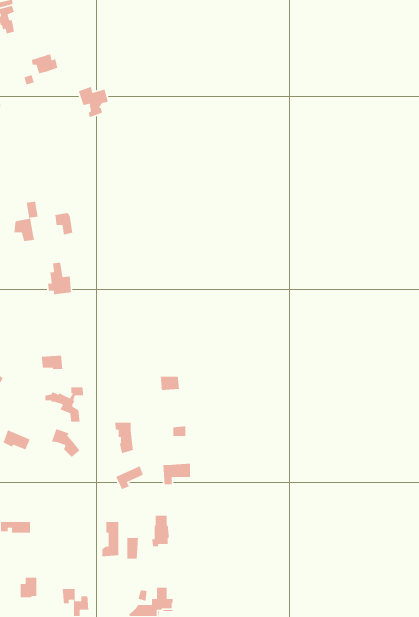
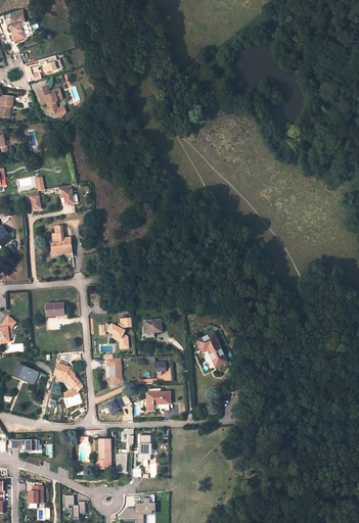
building: [78,86,109,118] -> [36,86,61,112]
building: [45,386,84,422] -> [98,318,131,347]
building: none -> [196,333,226,365]

